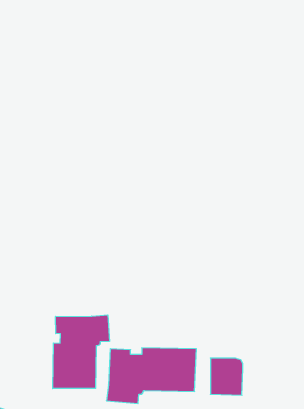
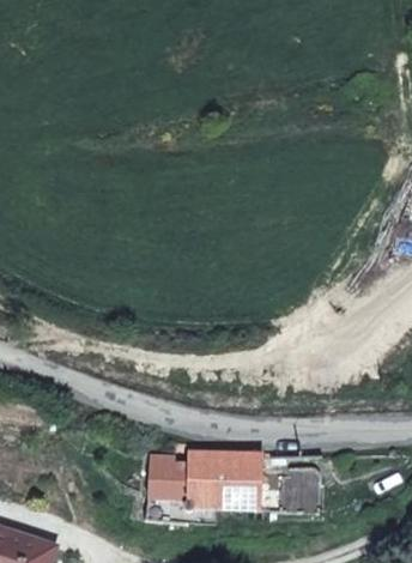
building: [53,315,109,389] -> none

